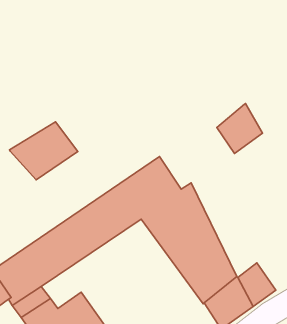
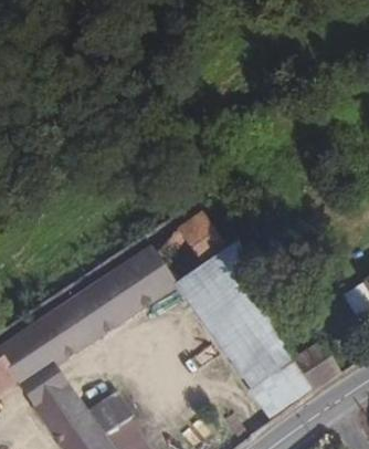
building: [217,104,262,153] -> none
building: [9,122,78,180] -> none

